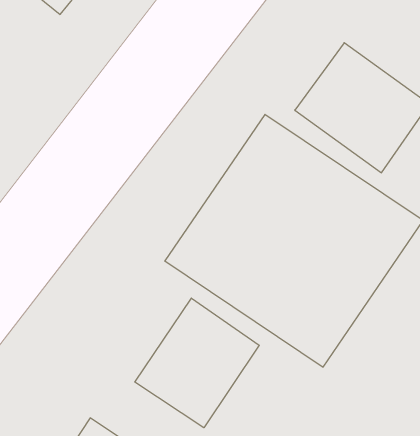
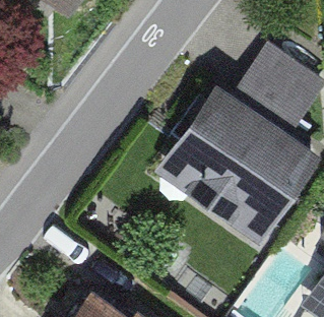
building: [135,298,259,428] -> none

